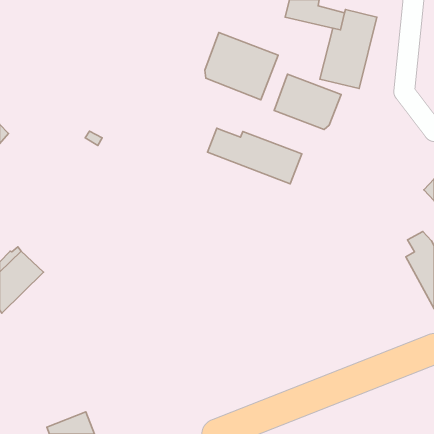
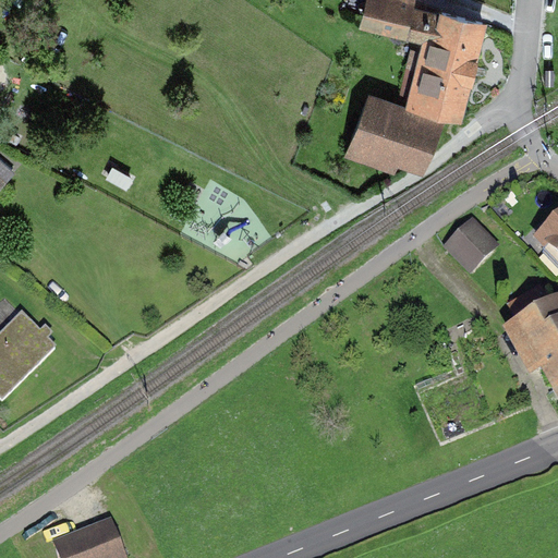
building: [205,33,278,100] -> none
building: [207,128,302,184] -> none
building: none -> [449,225,495,271]

